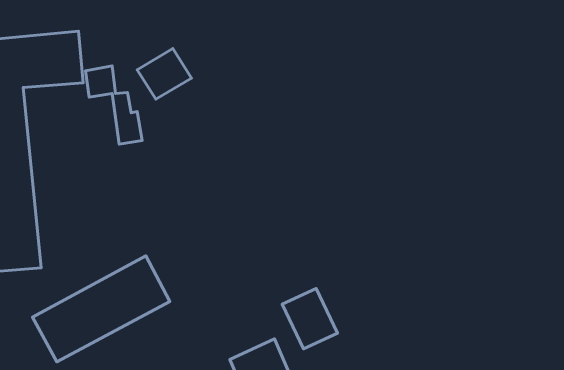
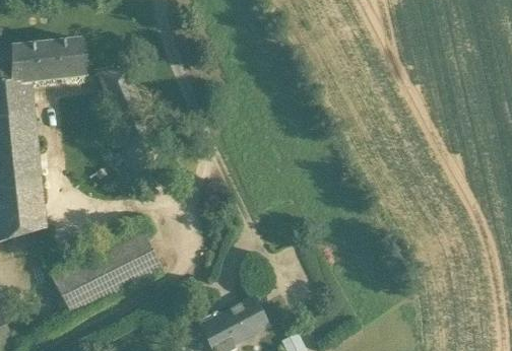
building: [137,49,192,99] -> none
building: [282,289,337,349] -> none

